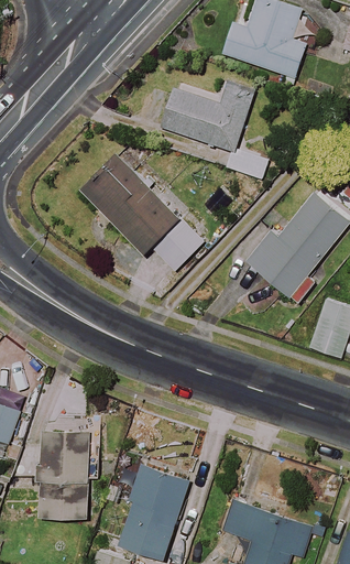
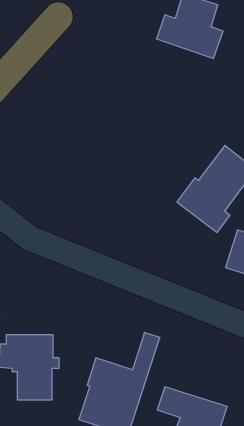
building: [158,80,267,178] -> none
building: [83,154,186,269] -> none

